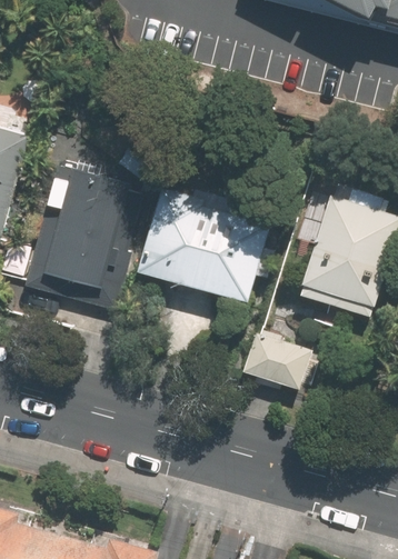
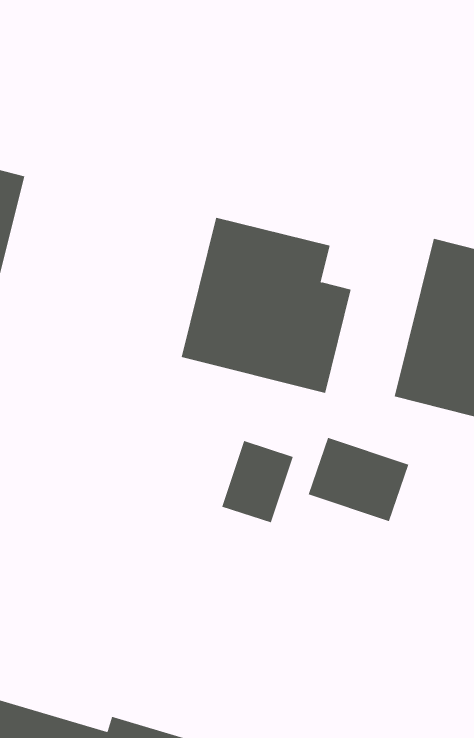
building: [19,158,140,311] -> none
building: none -> [222,440,293,523]

